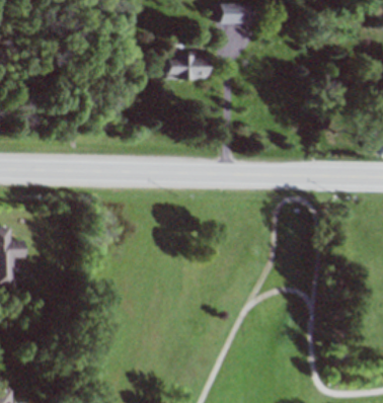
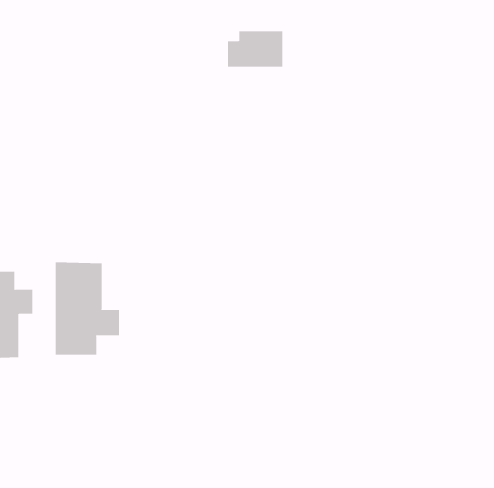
building: none -> [55,261,119,355]

